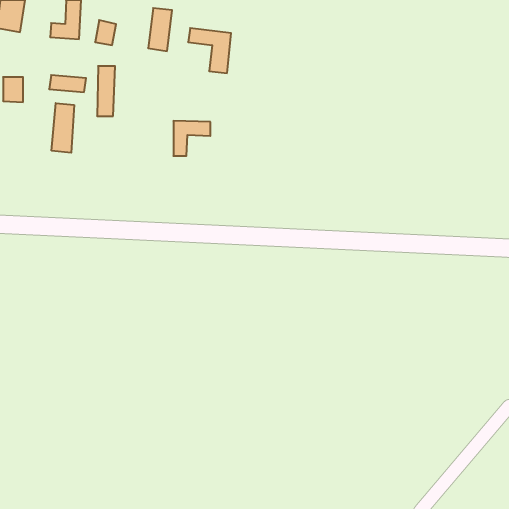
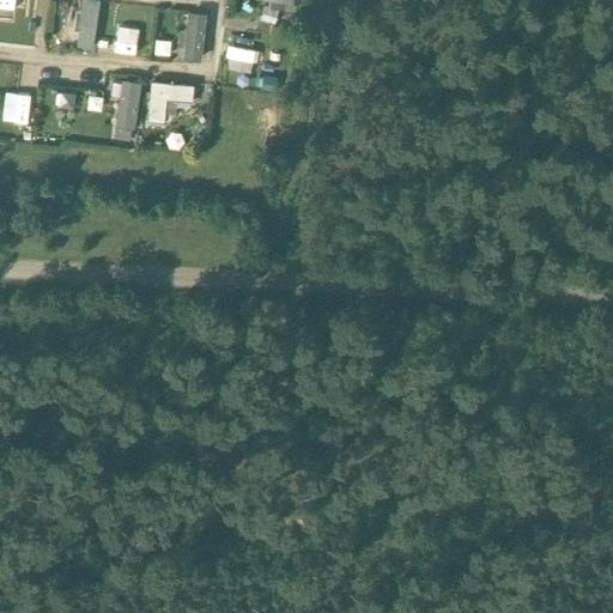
building: [52,103,74,153] -> none
building: [173,121,210,156] -> [148,84,193,126]

